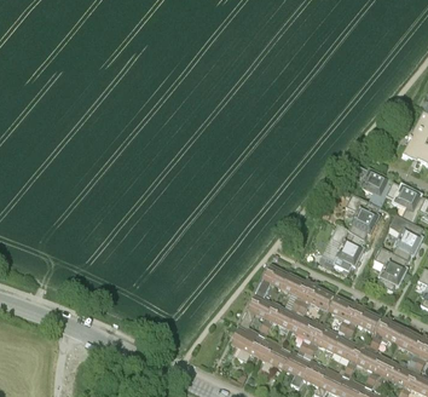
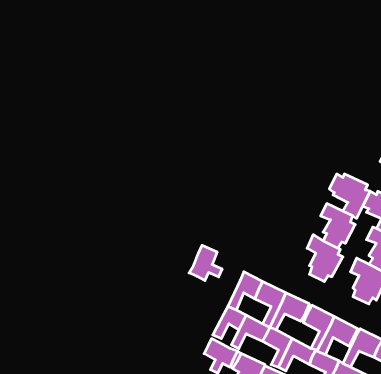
building: none -> [189,245,222,281]

